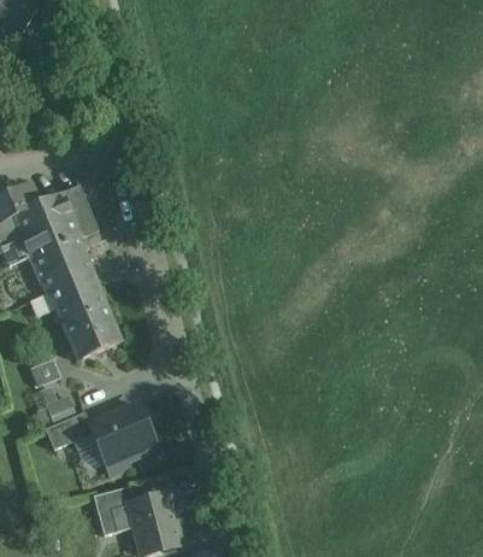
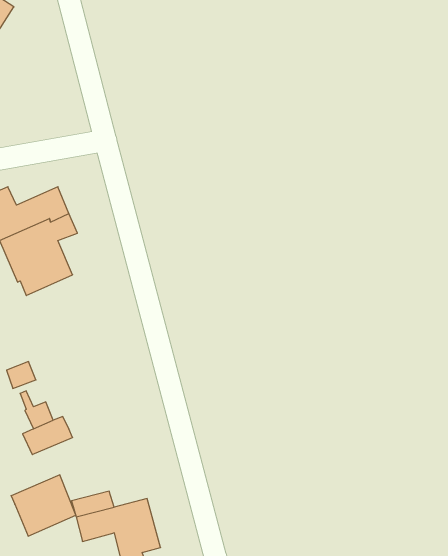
building: [48,272,123,360] -> none
building: [90,404,154,464] -> [11,475,76,536]

